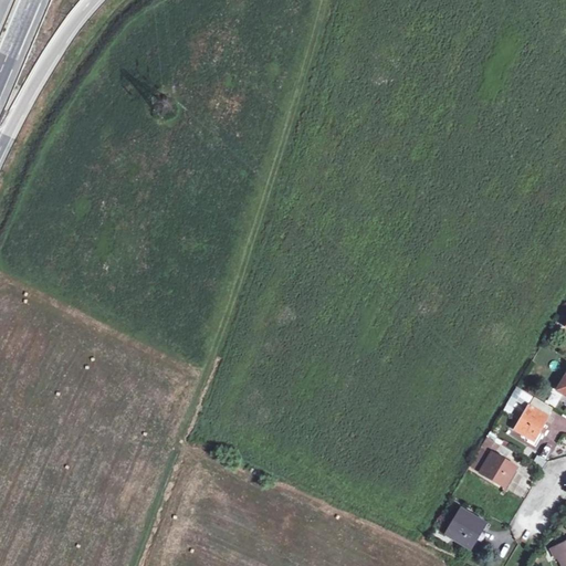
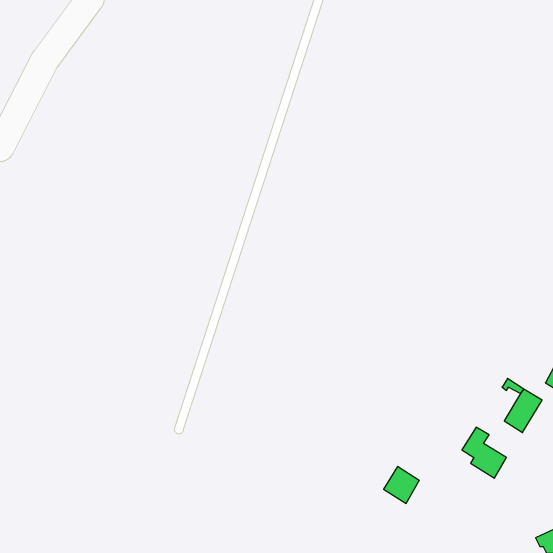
building: [446,510,482,547] -> [384,467,419,503]

